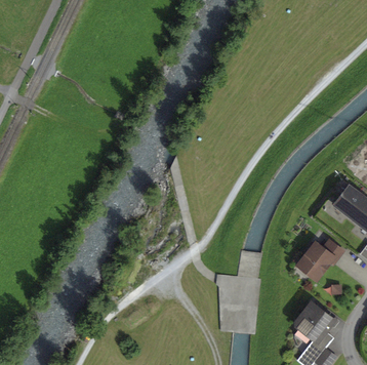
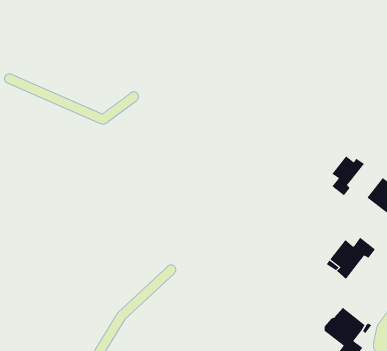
building: none -> [332,156,365,196]

